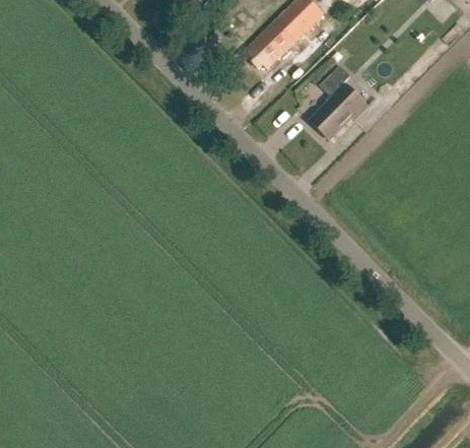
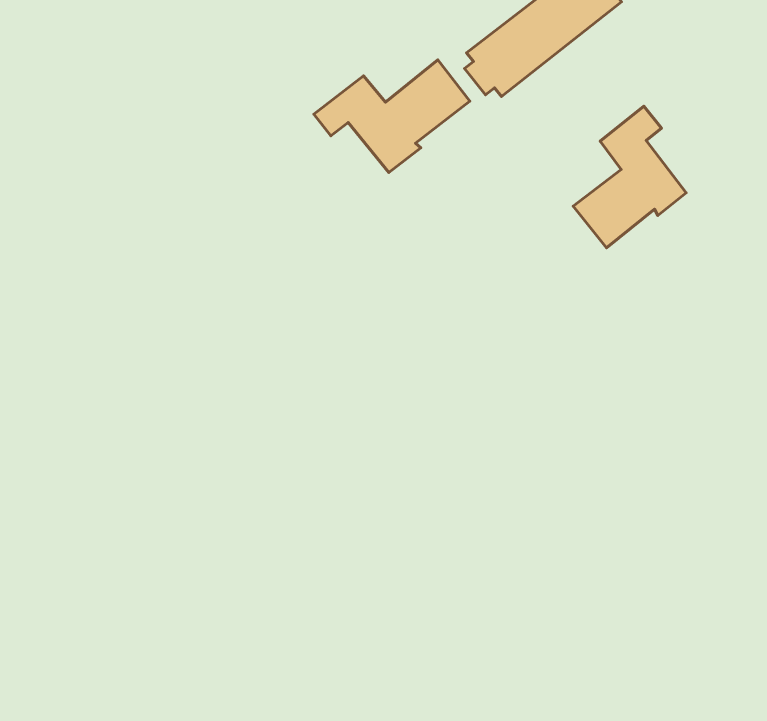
building: none -> [314,60,470,173]

